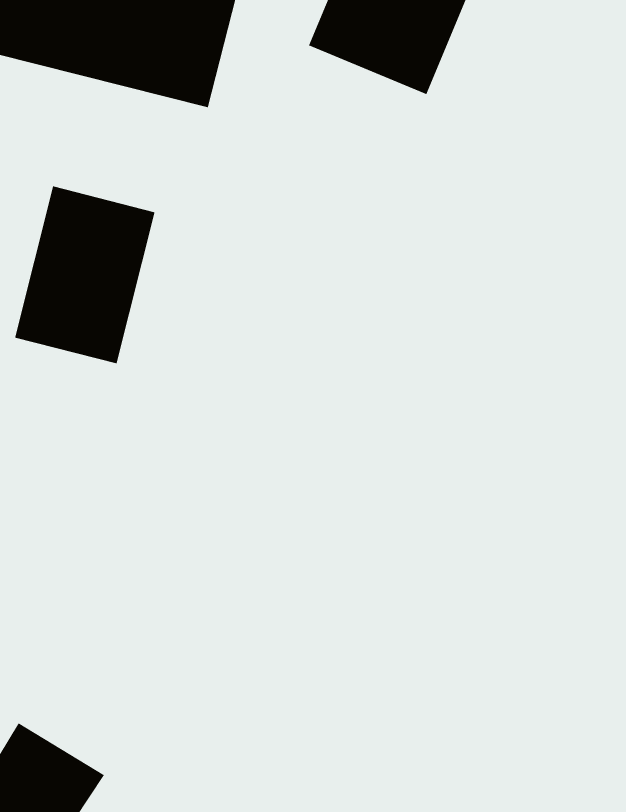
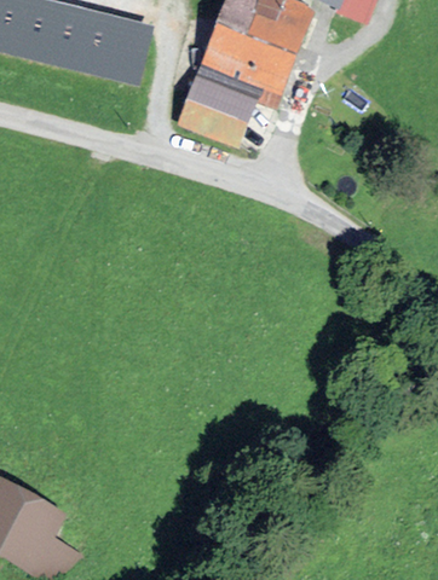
building: none -> [188,63,267,134]
building: [15,186,155,364] -> none

